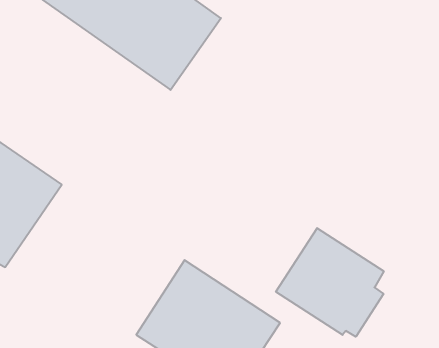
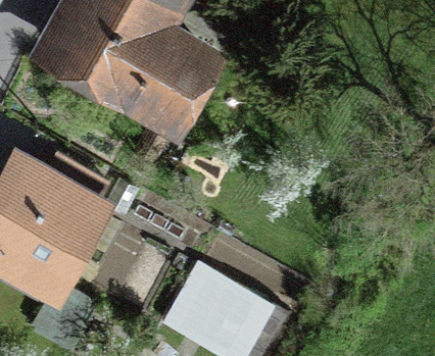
building: [276,228,384,337] -> none

